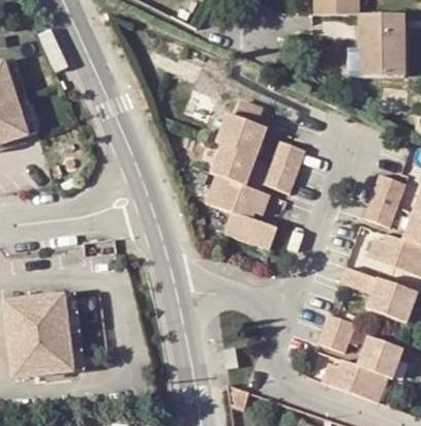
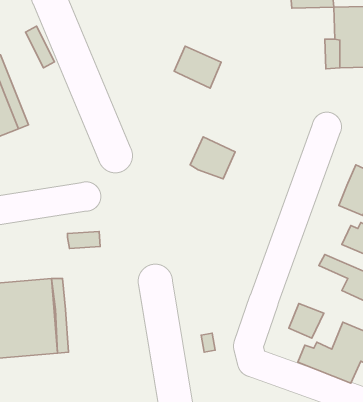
building: [218,116,267,159] -> [174,46,221,88]
building: [260,141,305,195] -> none
building: [208,178,274,252] -> none

